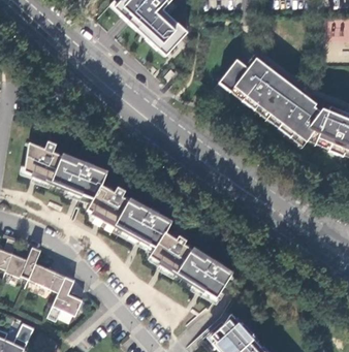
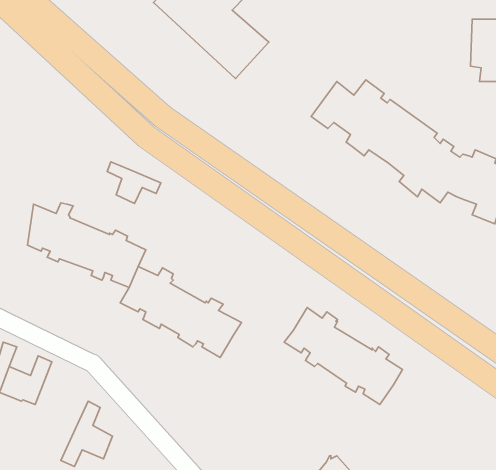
building: none -> [107,162,161,204]
building: [150,232,230,298] -> [284,307,403,404]
building: [30,264,66,293] -> none

